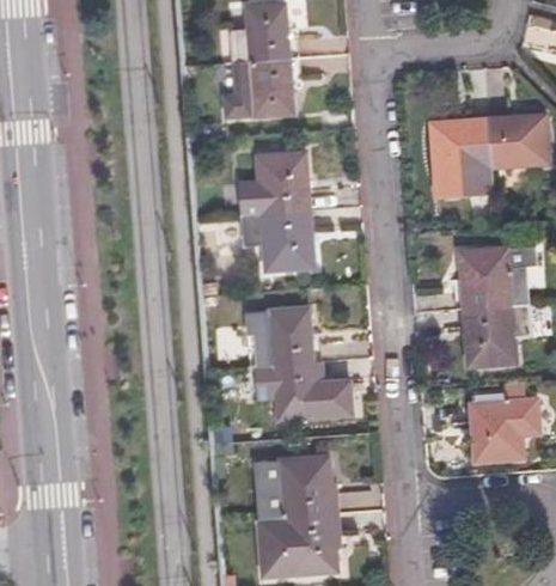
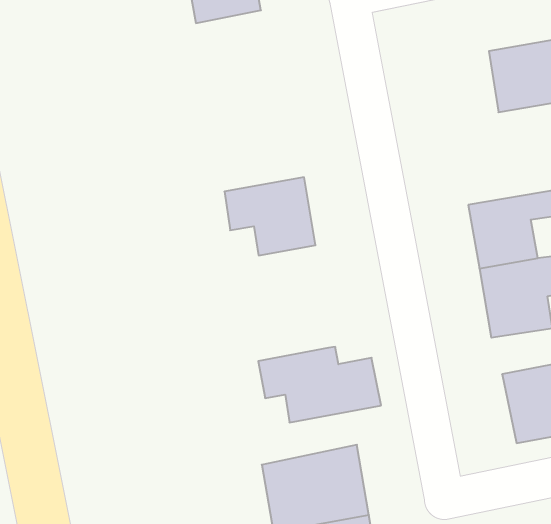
building: [221,56,295,118] -> none
building: [428,115,493,197] -> none
building: [240,148,313,213] -> none
building: [243,303,318,367] -> none

